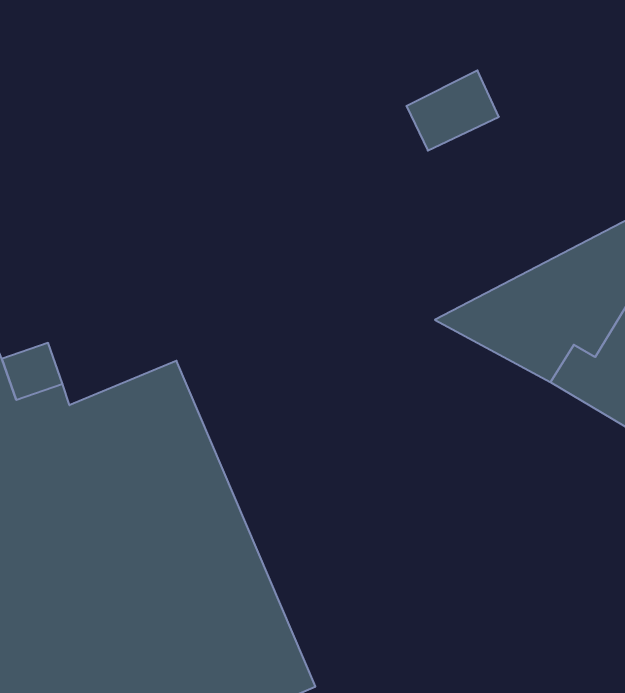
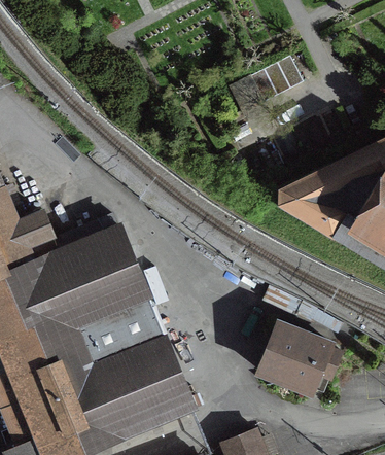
building: none -> [253,316,337,397]

